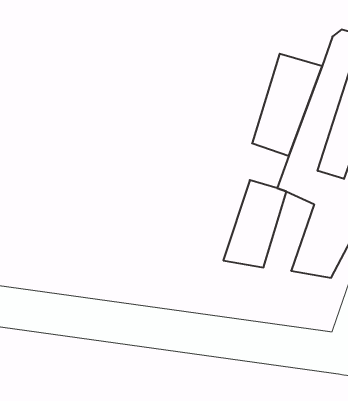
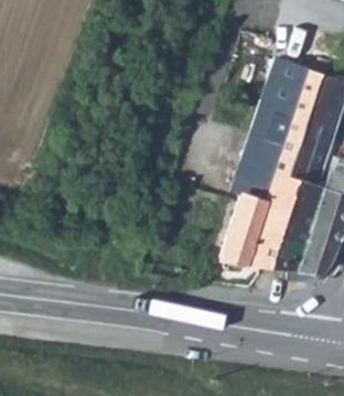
building: none -> [236,146,281,189]
building: none -> [257,192,305,268]

